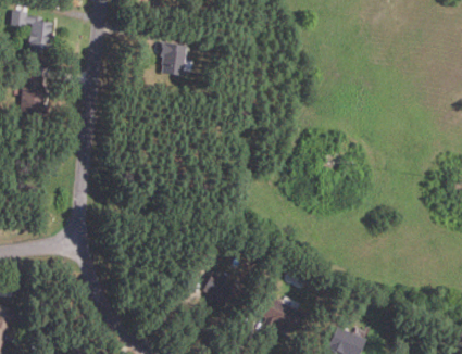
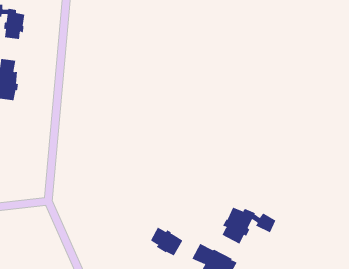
building: [159,41,192,75] -> none
building: none -> [222,207,276,244]

